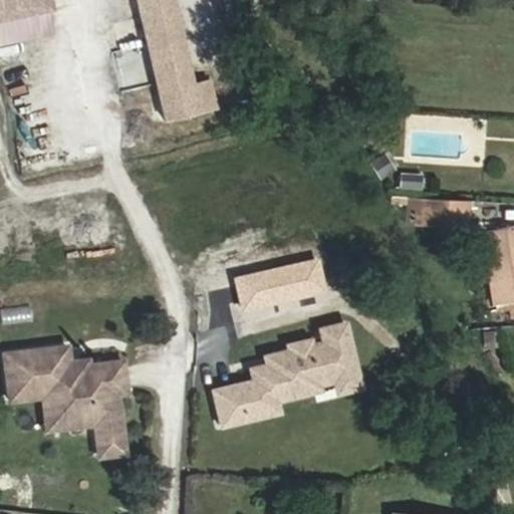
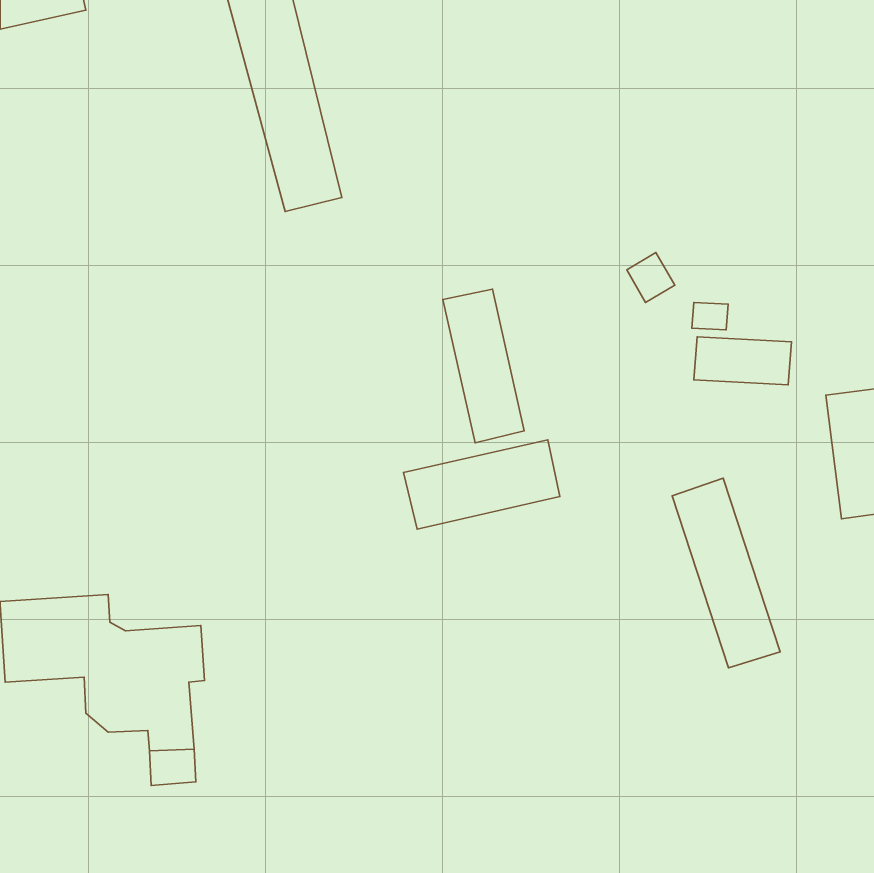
building: none -> [443,289,524,443]
building: none -> [672,478,780,668]
building: [218,320,366,422] -> none

